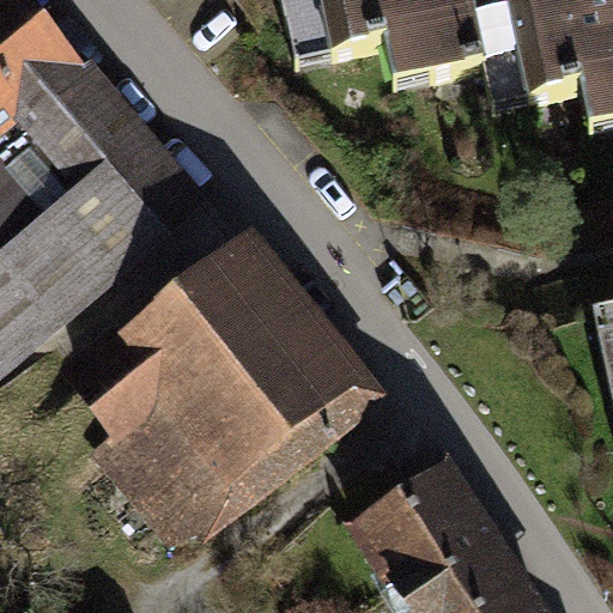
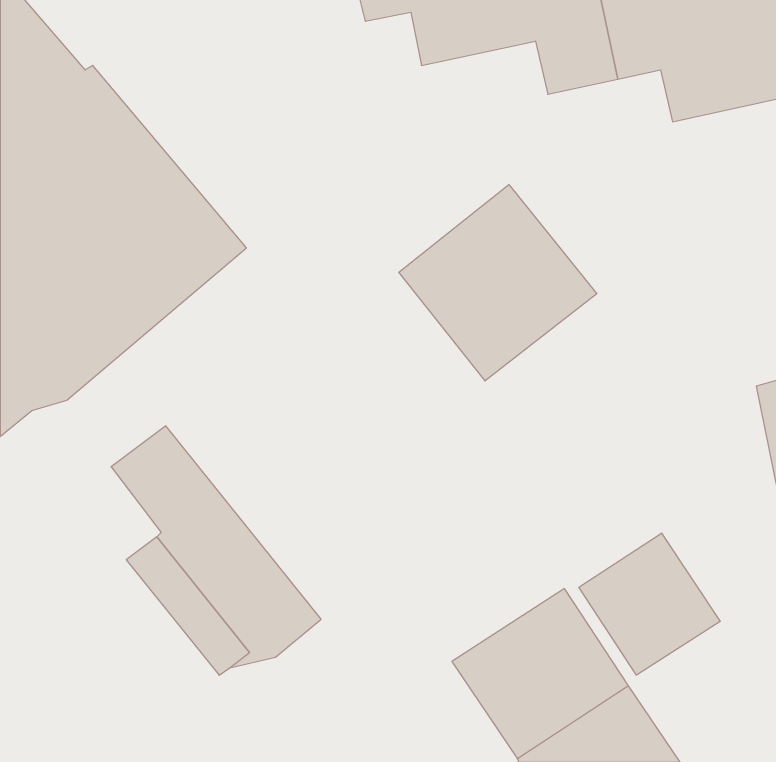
building: none -> [399,185,597,381]
building: [132,254,357,490] -> none
building: none -> [579,533,720,675]

